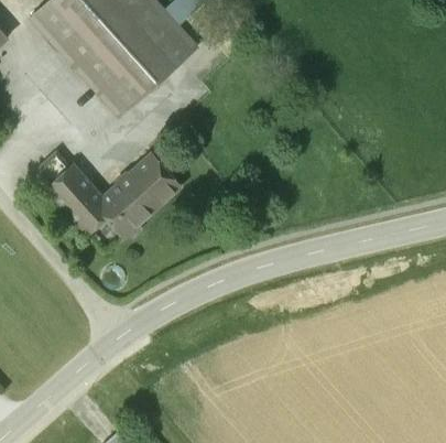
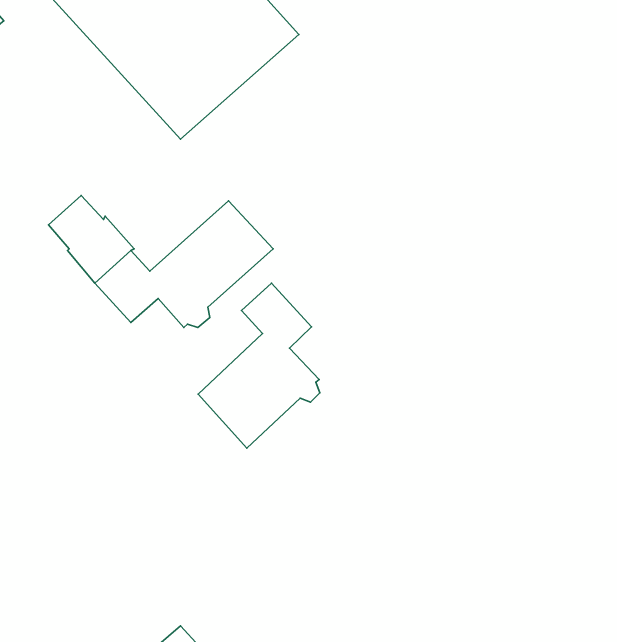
building: none -> [198,283,320,448]

